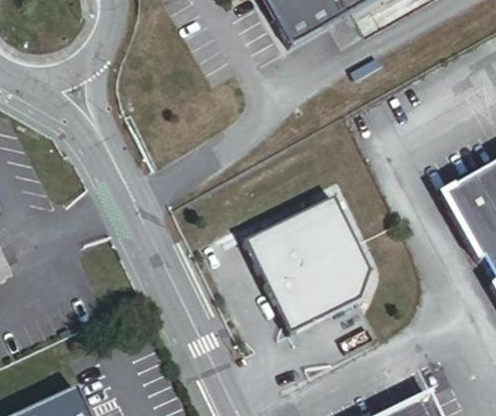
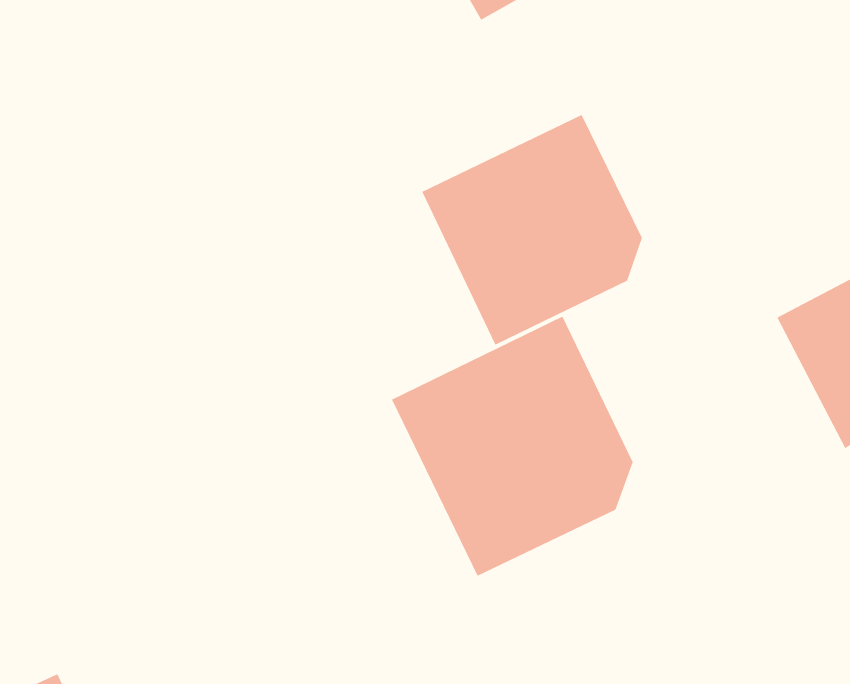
building: none -> [421,114,642,346]

